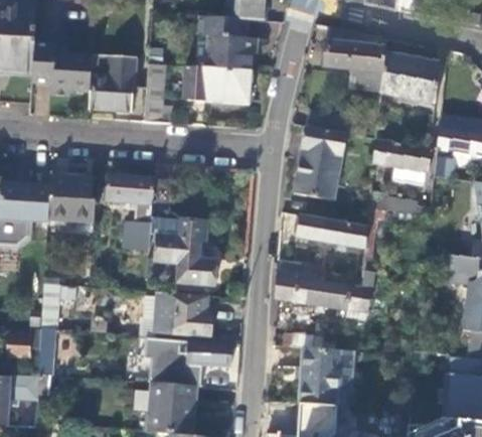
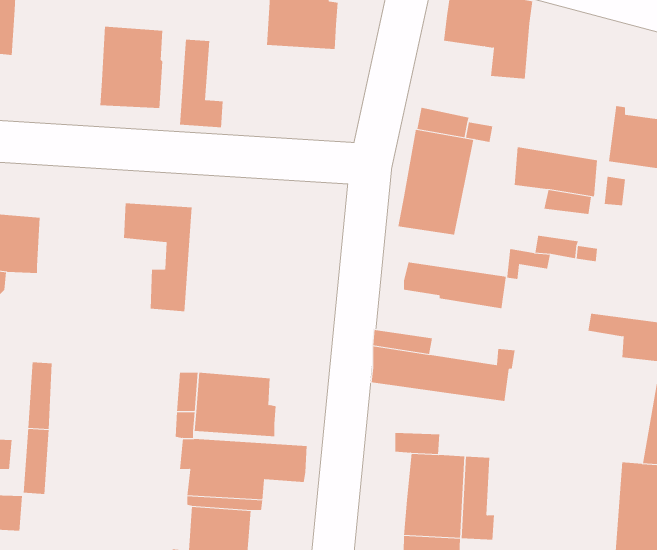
building: [30,45,93,98] -> none
building: [380,54,439,104] -> none
building: [184,68,251,106] -> none
building: [47,177,95,224] -> none
building: [151,180,215,286] -> none

